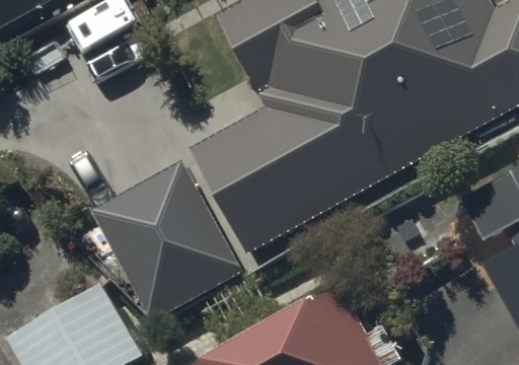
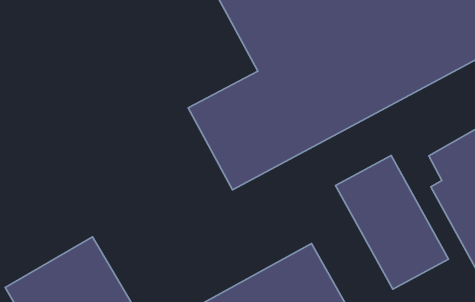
building: [94,161,235,312] -> none
building: none -> [335,156,448,289]

